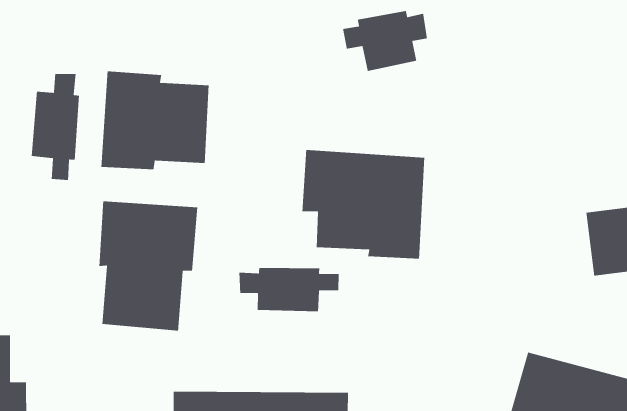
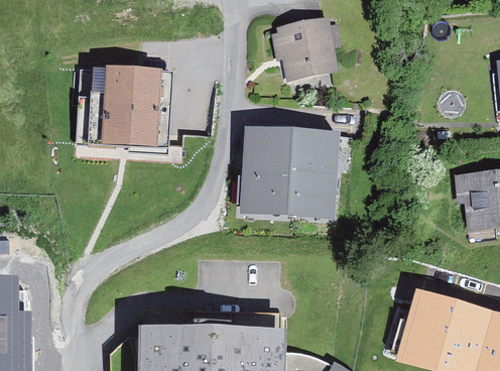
building: [31,73,80,181] -> none
building: [98,200,198,331] -> none
building: [239,267,339,312] -> none

